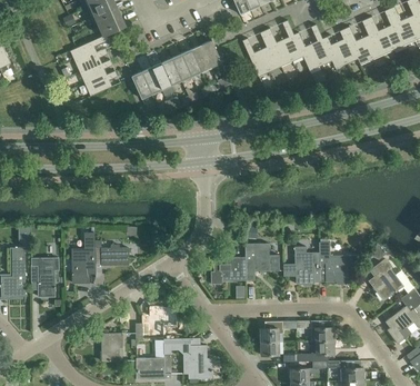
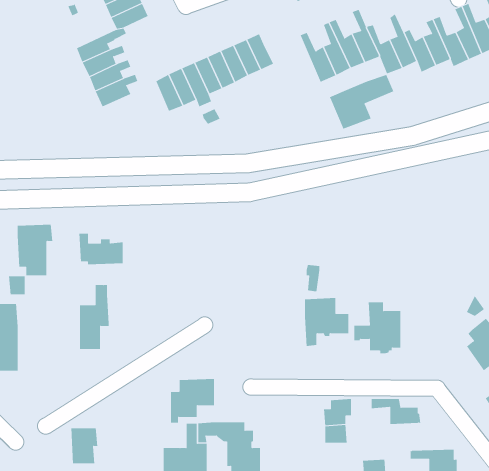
building: none -> [329,74,394,129]
building: [94,240,129,265] -> [79,233,123,265]
building: [319,241,360,284] -> none
building: [31,256,59,296] -> [17,224,53,276]
building: [211,257,247,284] -> none
building: [101,333,122,360] -> [71,428,98,464]
building: [298,339,333,362] -> none

